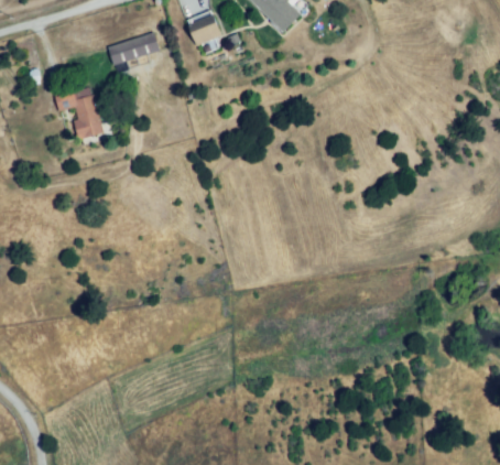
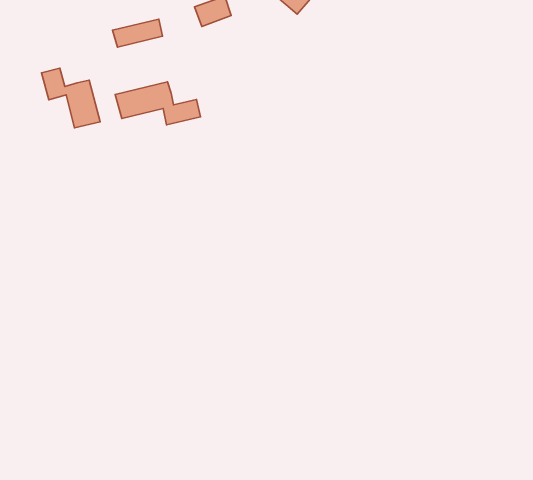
building: none -> [115,82,201,125]

